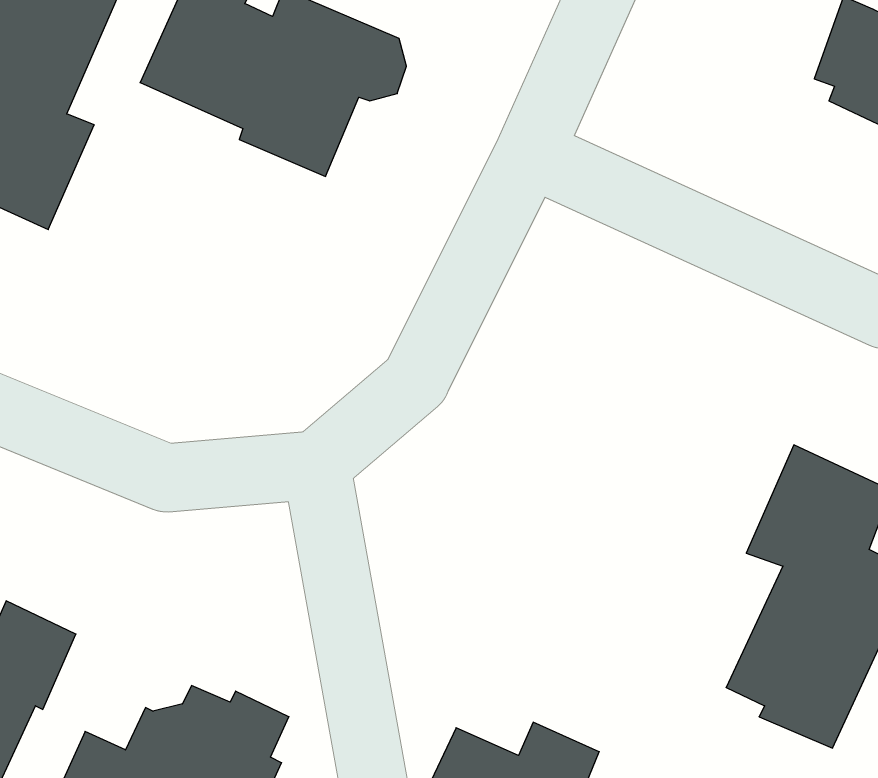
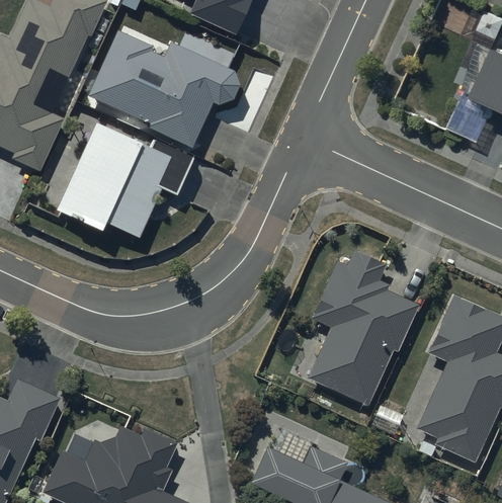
building: none -> [58,123,198,240]
building: none -> [307,249,418,405]

